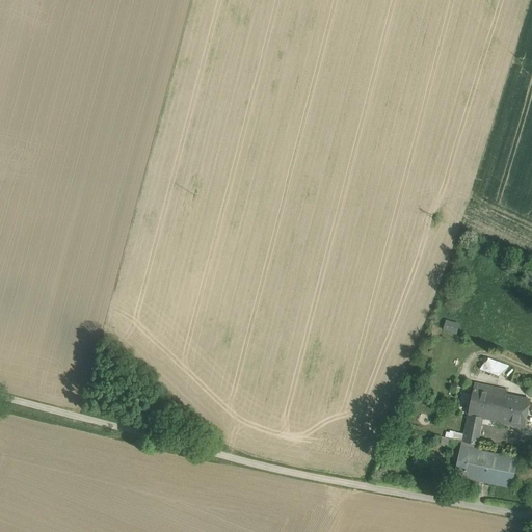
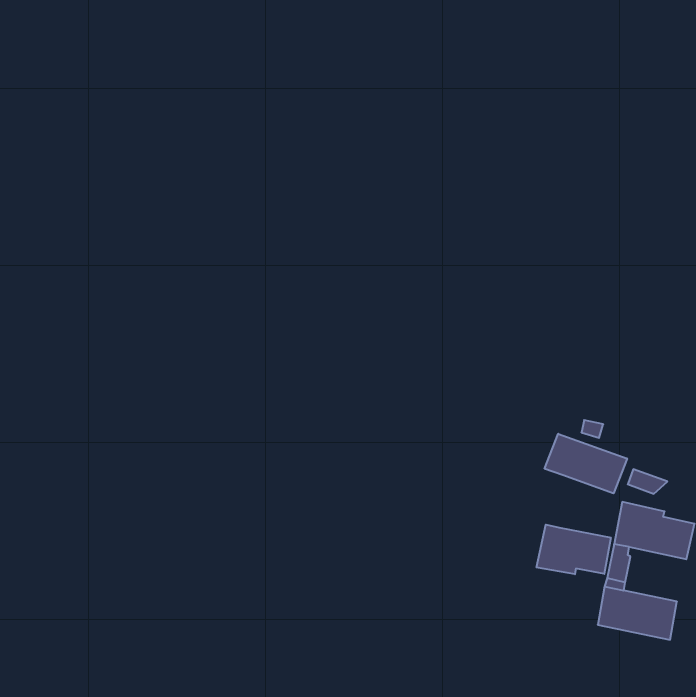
building: none -> [545,434,627,493]
building: none -> [537,525,611,574]

